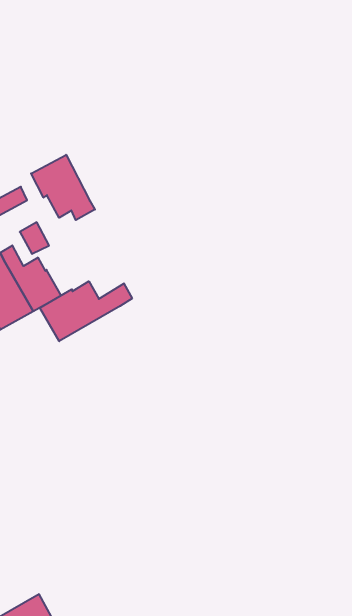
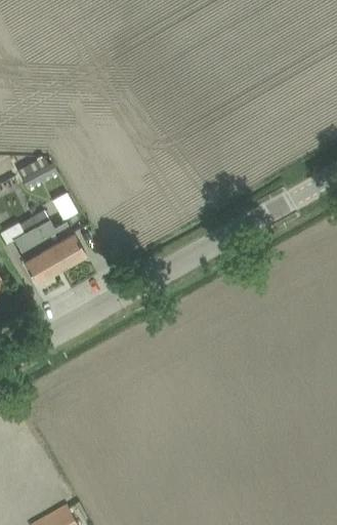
building: [31,155,95,220] -> none
building: [40,281,132,341] -> none

